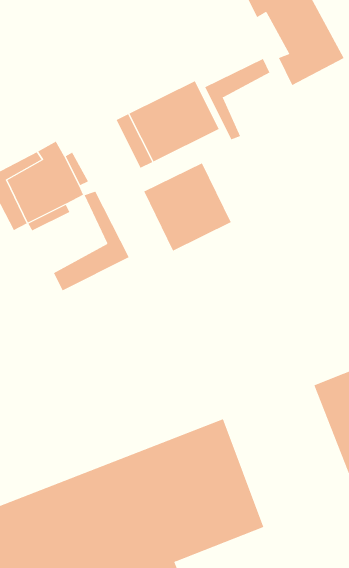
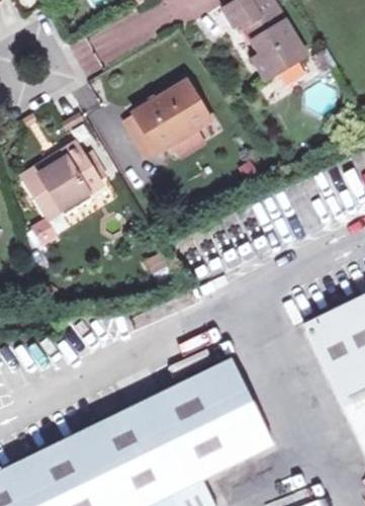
building: [204,58,270,140] -> none
building: [144,162,231,251] -> none
building: [53,191,130,291] -> none

